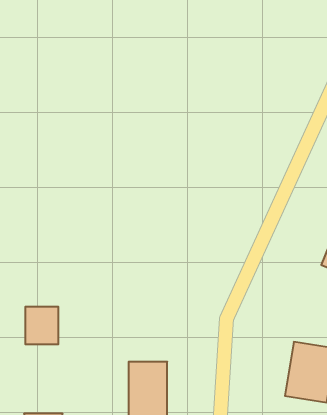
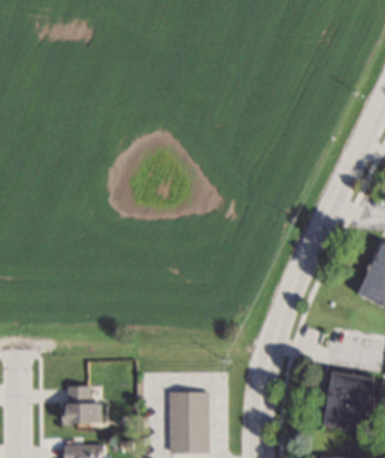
building: [25,307,58,344] -> [63,385,97,423]

